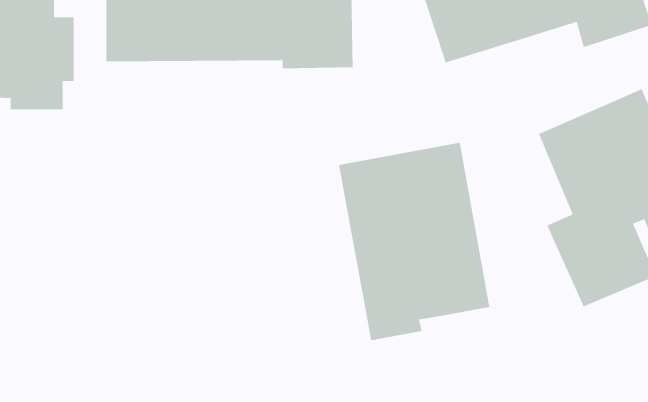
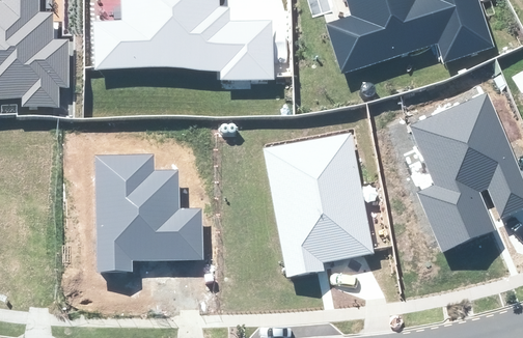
building: none -> [94,152,202,272]

